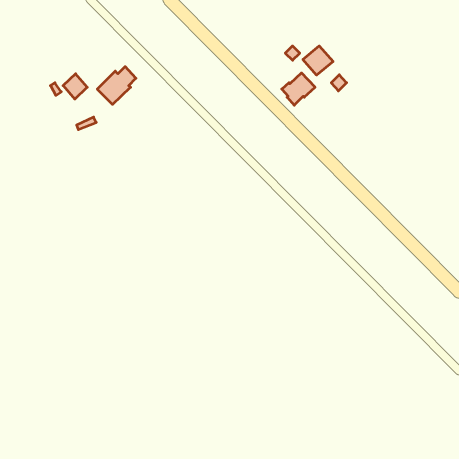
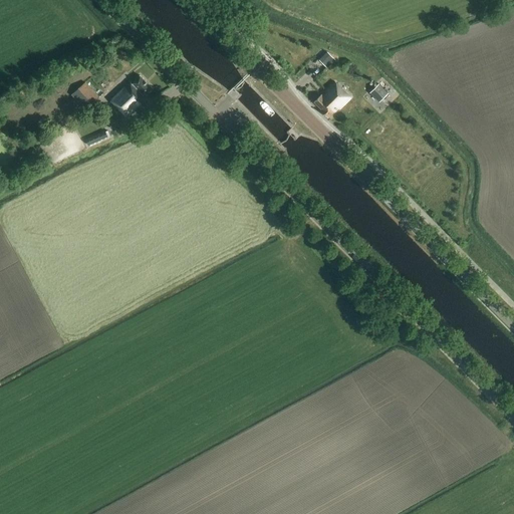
building: [303,46,333,75] -> none

